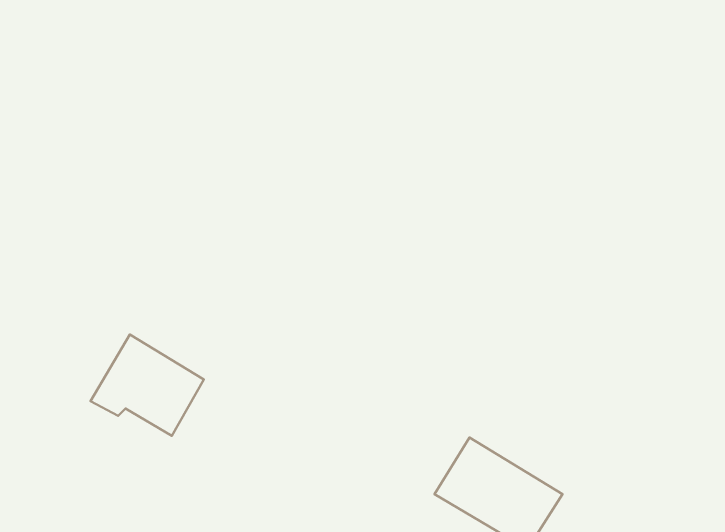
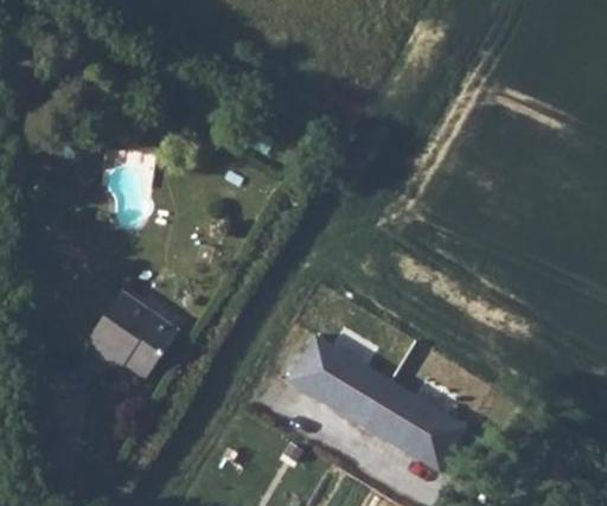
building: none -> [289,334,394,427]

